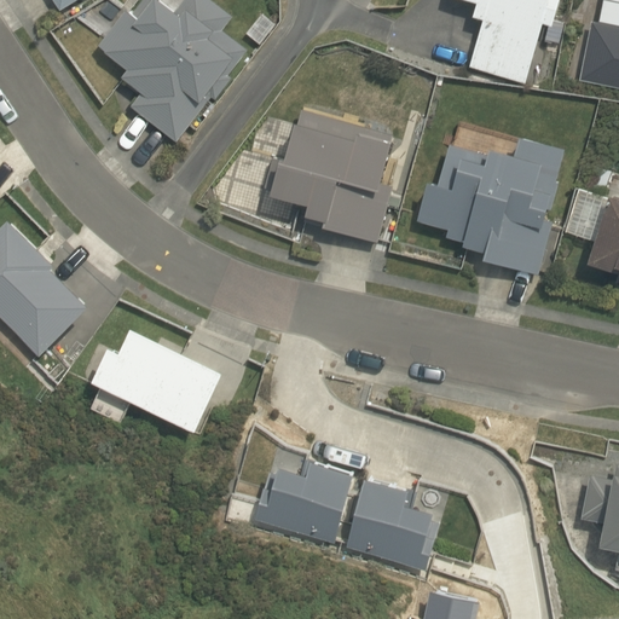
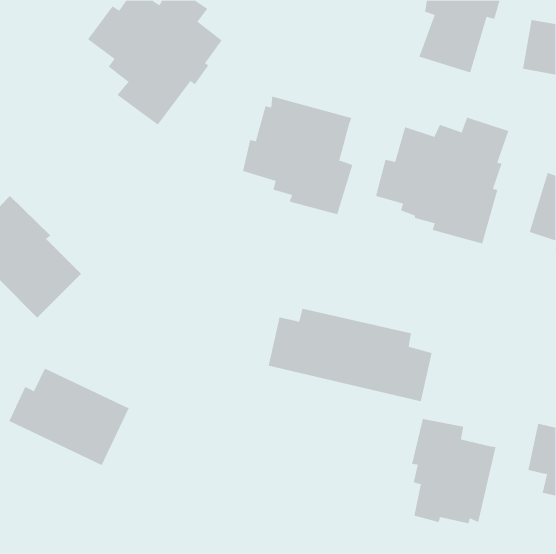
building: [89,323,224,432] -> [8,368,129,466]
building: [260,467,442,571] -> [268,308,433,402]
building: none -> [412,418,496,524]

